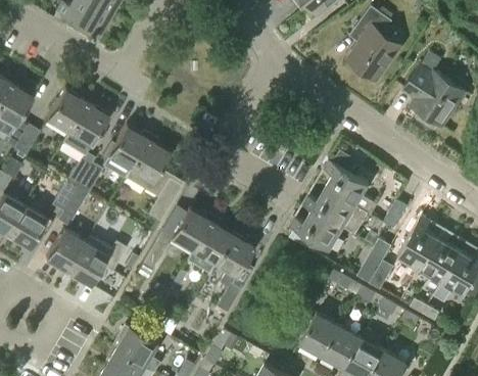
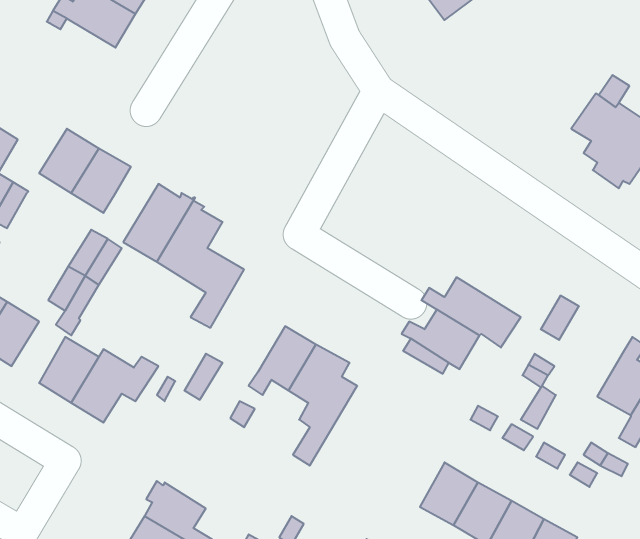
building: [348,7,398,81] -> none
building: [322,160,377,216] -> none
building: [170,206,210,251] -> none
building: [397,216,436,268] -> none

